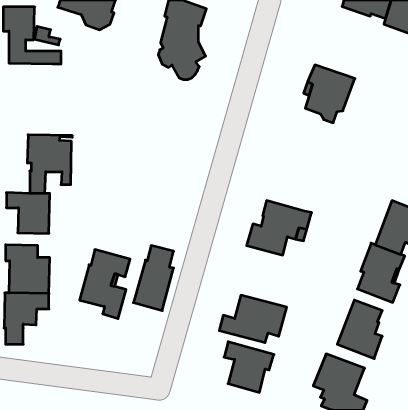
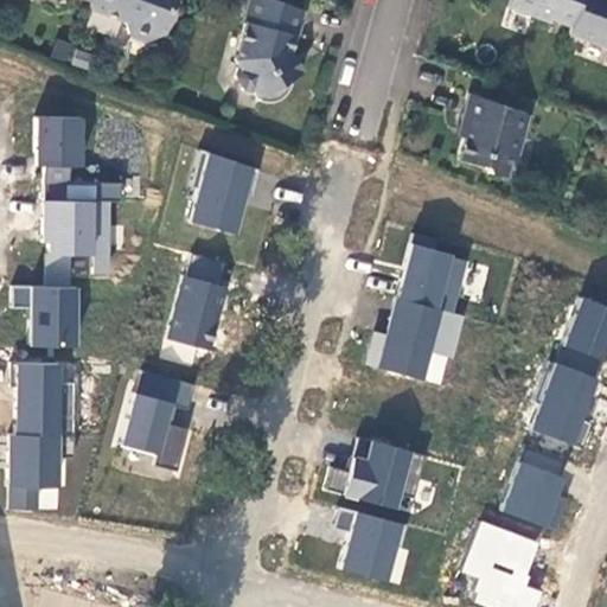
building: [3,7,61,64] -> [37,116,122,200]
building: none -> [190,148,260,232]
building: none -> [397,232,467,312]
building: [133,246,174,311] -> [167,253,226,349]

